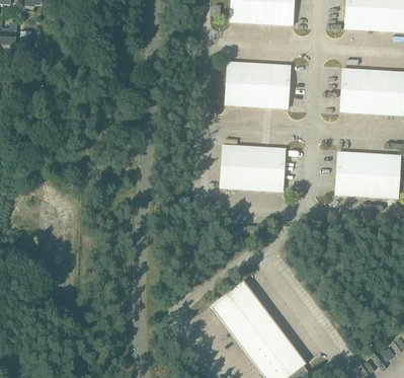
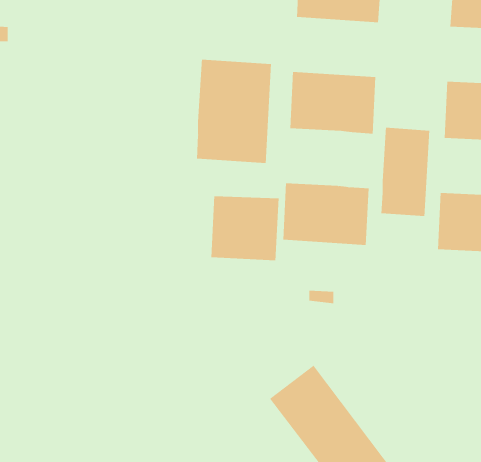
building: none -> [196,59,271,164]
building: none -> [381,127,430,217]
building: none -> [211,195,279,261]

